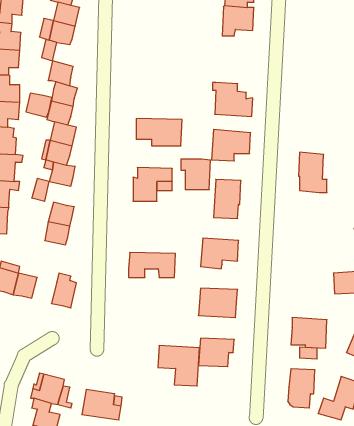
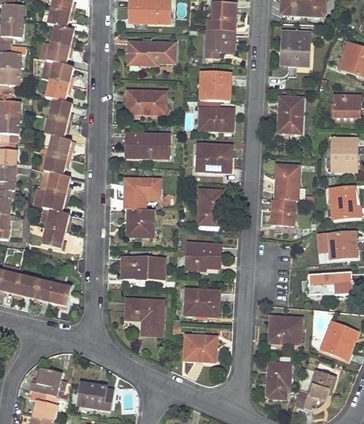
building: none -> [281,30,308,65]
building: none -> [128,42,174,69]
building: none -> [199,71,230,100]
building: none -> [126,90,165,113]
building: none -> [277,96,301,132]
building: [26,93,52,117] -> [49,62,73,84]
building: [181,159,210,190] -> [126,208,153,236]
building: none -> [42,190,66,212]
building: none -> [270,198,294,232]
building: none -> [30,278,53,302]
building: [158,346,199,386] -> [125,298,163,335]

